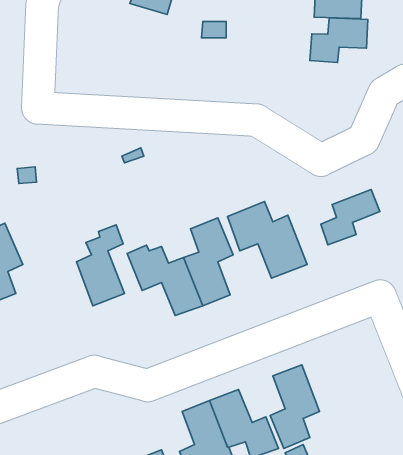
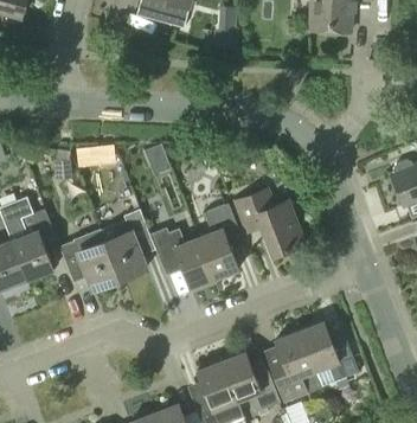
building: [310,18,368,63] -> none
building: [321,189,380,245] -> none
building: none -> [59,235,120,290]
building: none -> [300,321,359,387]

